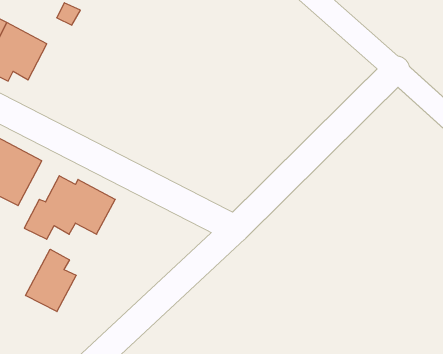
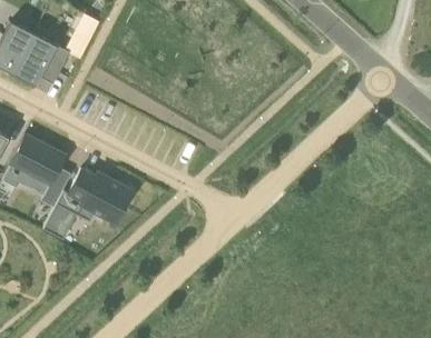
building: [26,249,76,312] -> none

